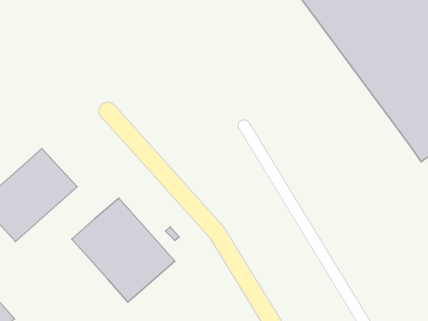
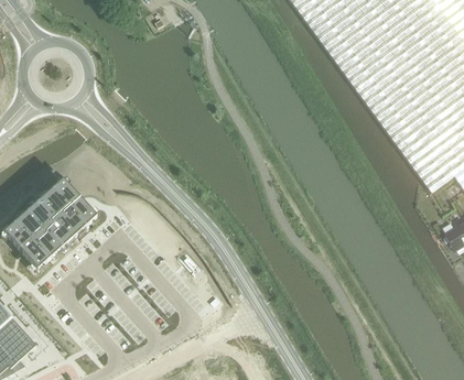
building: [72,198,175,302] -> none

